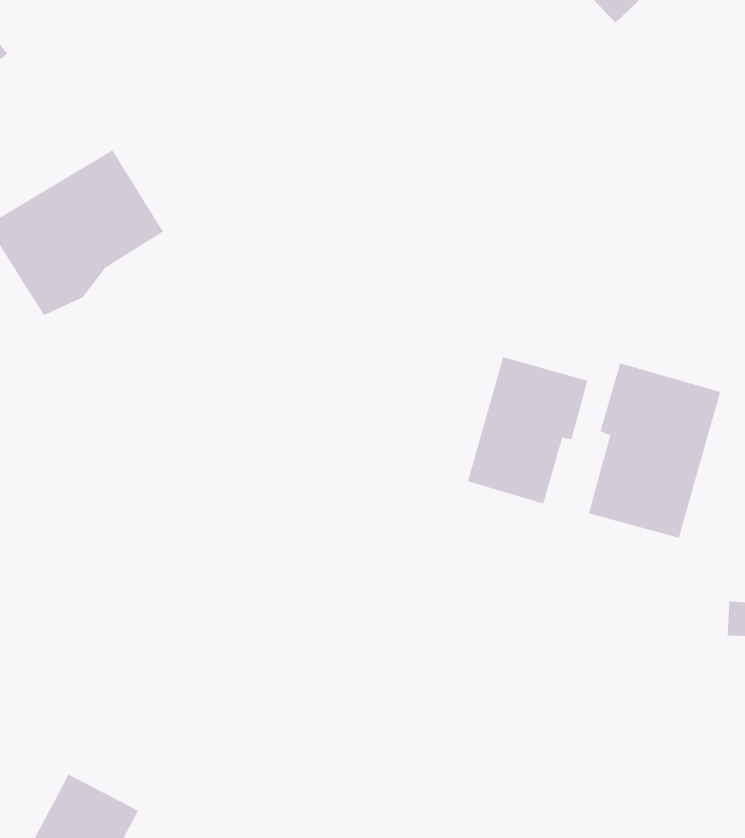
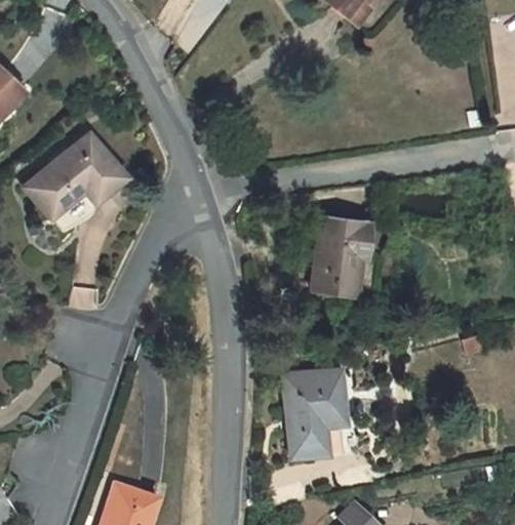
building: [588,363,721,539] -> none
building: none -> [283,369,356,456]

